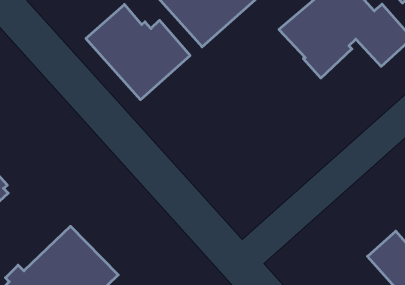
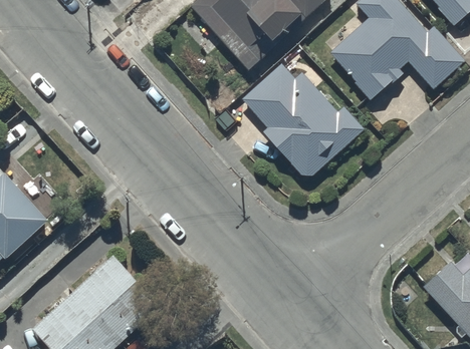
building: [86,4,190,100] -> none
building: none -> [242,63,364,179]

